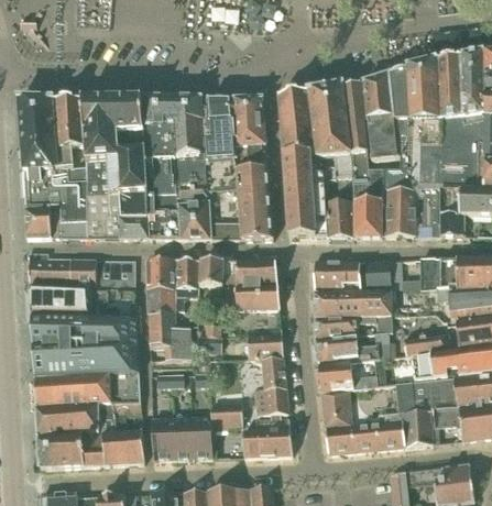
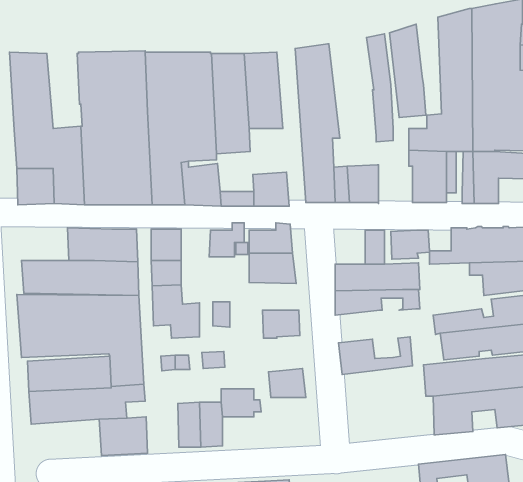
building: [389,66,412,155] -> none
building: [309,85,352,176] -> none
building: [53,99,83,167] -> none
building: [237,167,271,209] -> none
building: [352,167,382,235] -> none
building: [29,251,73,287] -> none
building: [175,259,201,308] -> none
building: [314,260,342,290] -> none
building: [315,331,390,360] -> none
building: [262,355,285,387] -> none
building: [321,387,405,452] -> none
building: [243,411,293,455] -> none
building: [152,417,173,458] -> none
building: [39,431,102,468] -> none

